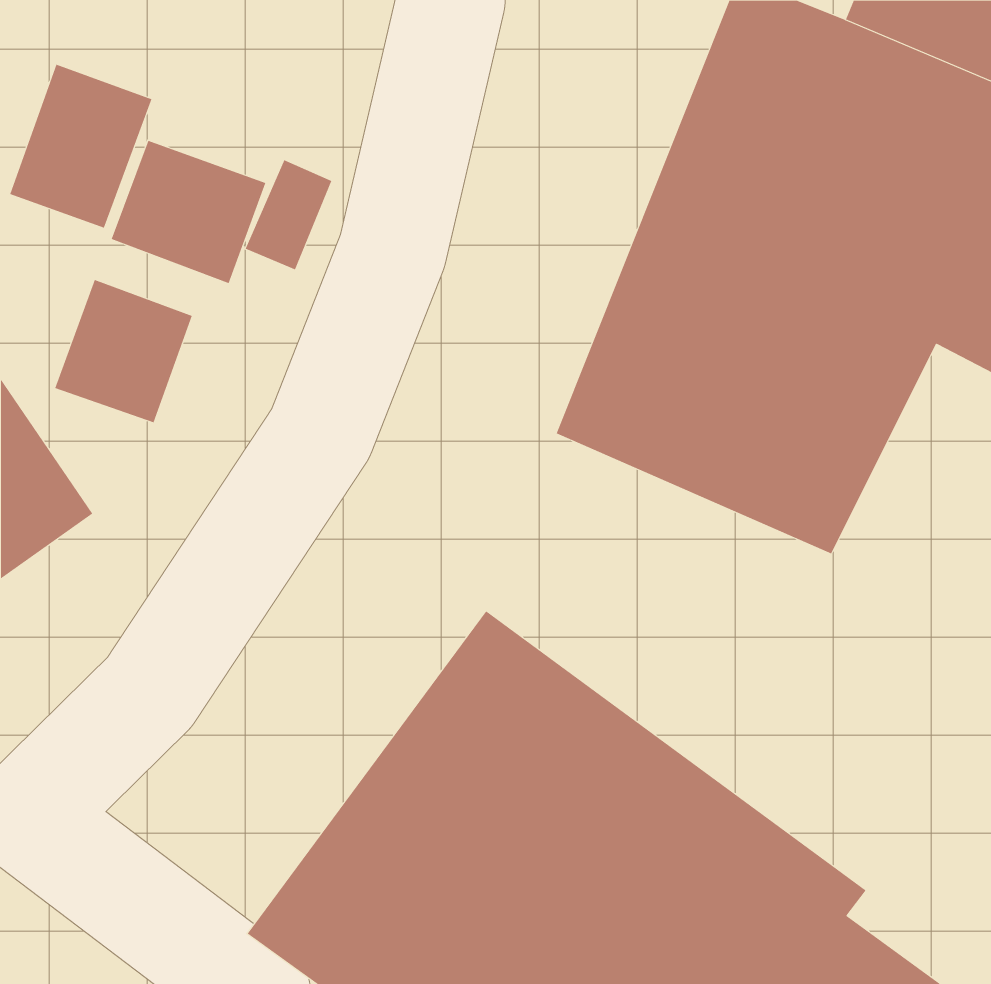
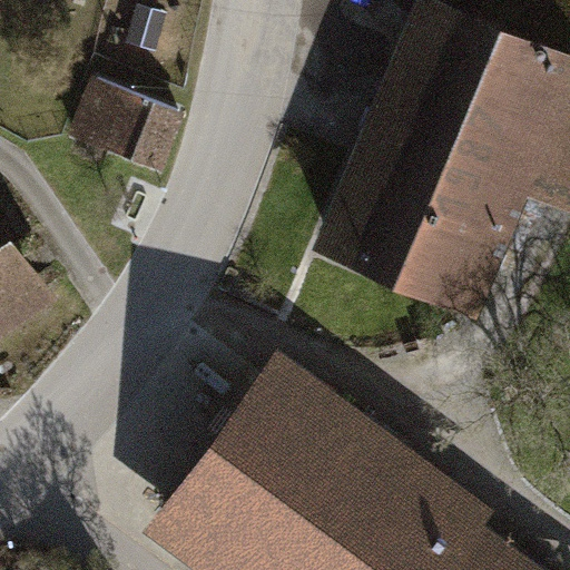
building: [10,64,152,228] -> none
building: [55,279,193,423] -> none

